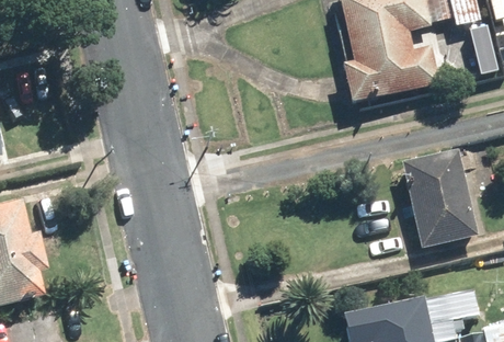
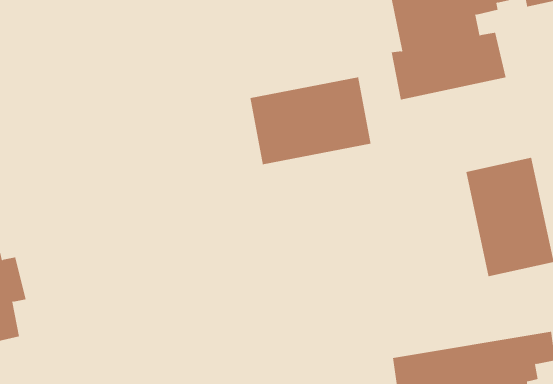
building: none -> [250,77,371,165]

